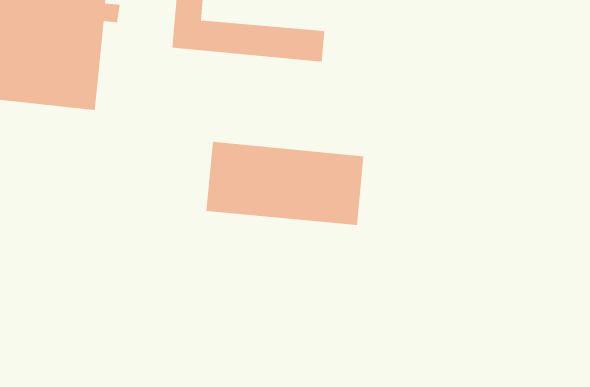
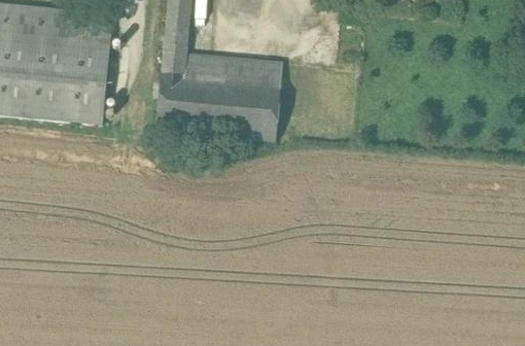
building: [206,142,364,226] -> [155,73,280,139]

